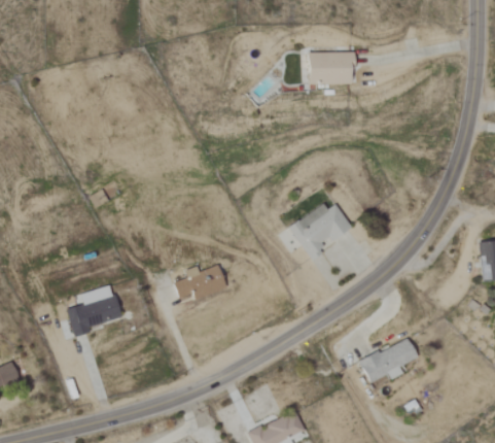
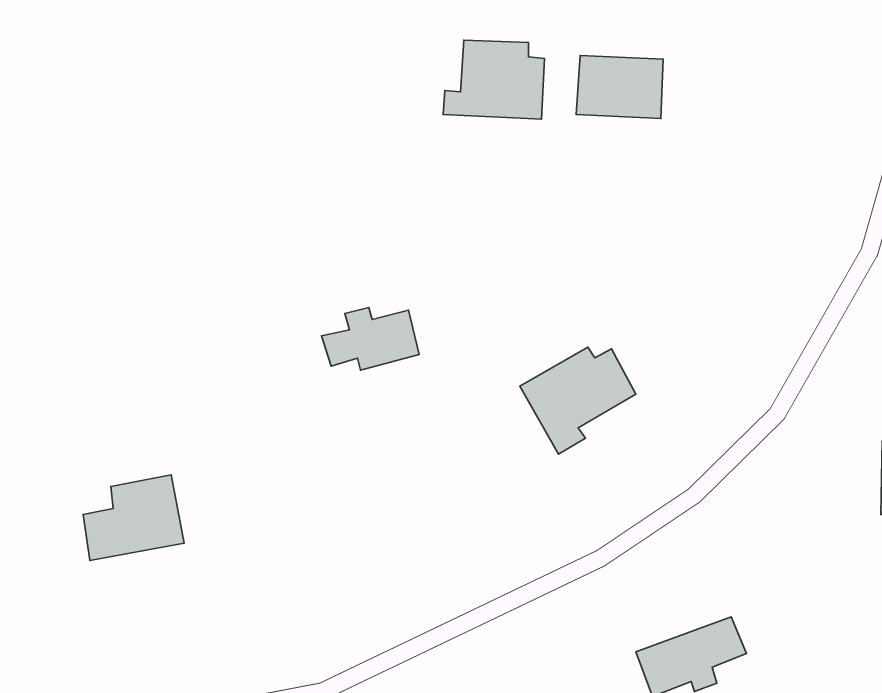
building: none -> [443,40,544,119]
building: [174,266,225,299] -> [321,307,419,370]

